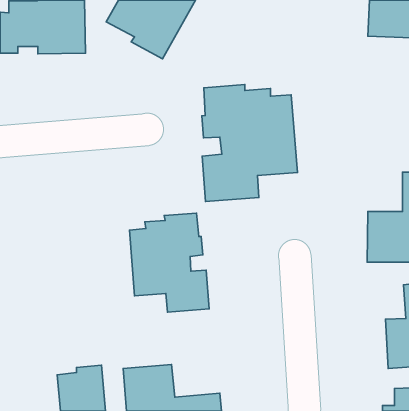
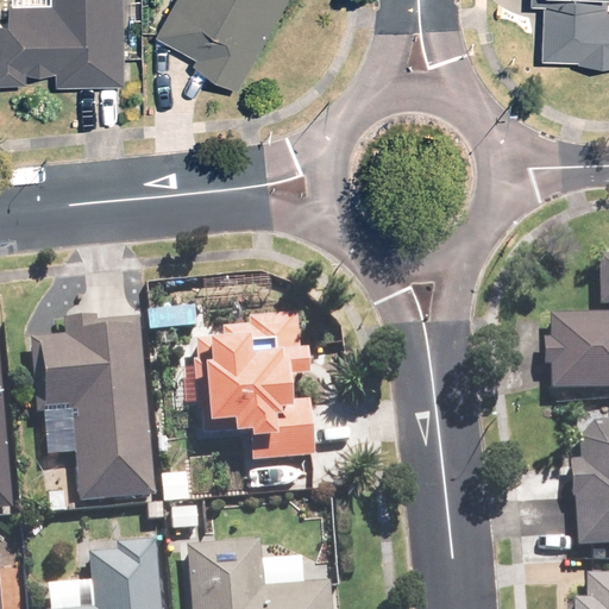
building: [202,85,298,202] -> none
building: none -> [30,316,152,502]

